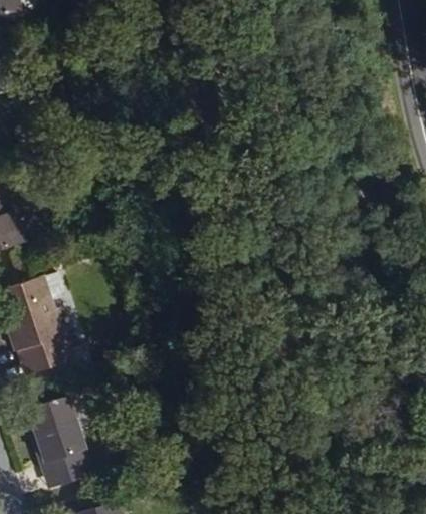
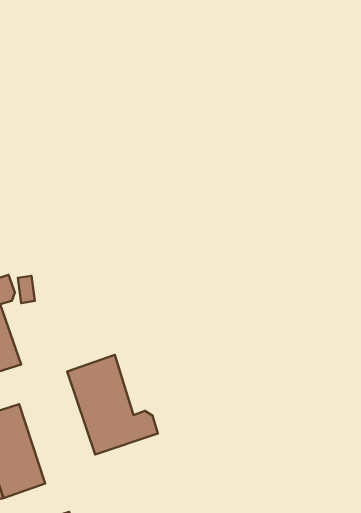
building: none -> [67,355,158,454]

